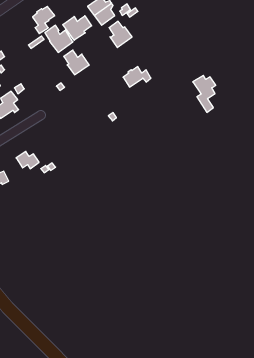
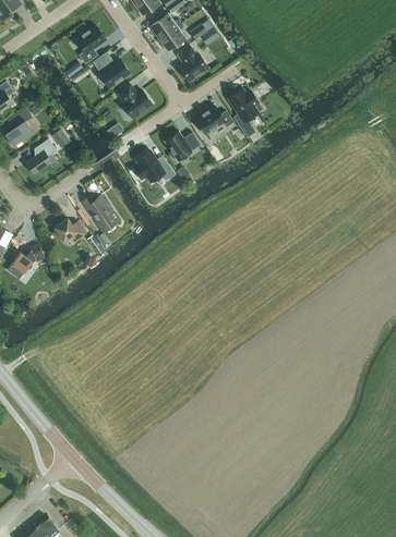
building: [63,16,92,40] -> none
building: [193,75,216,112] -> [228,88,259,137]
building: none -> [164,131,201,160]
building: none -> [134,150,175,181]
building: none -> [81,195,118,231]

